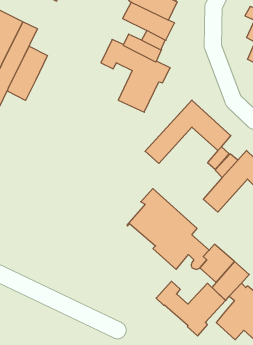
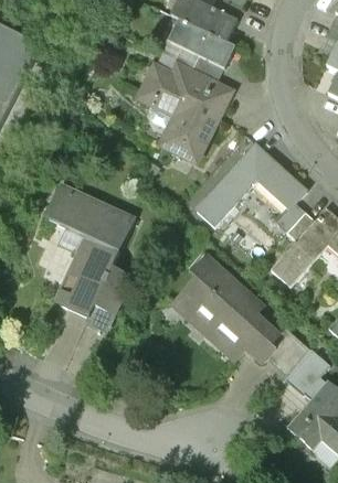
building: [7,46,47,100] -> none
building: none -> [45,182,135,318]
building: [156,281,225,336] -> none

